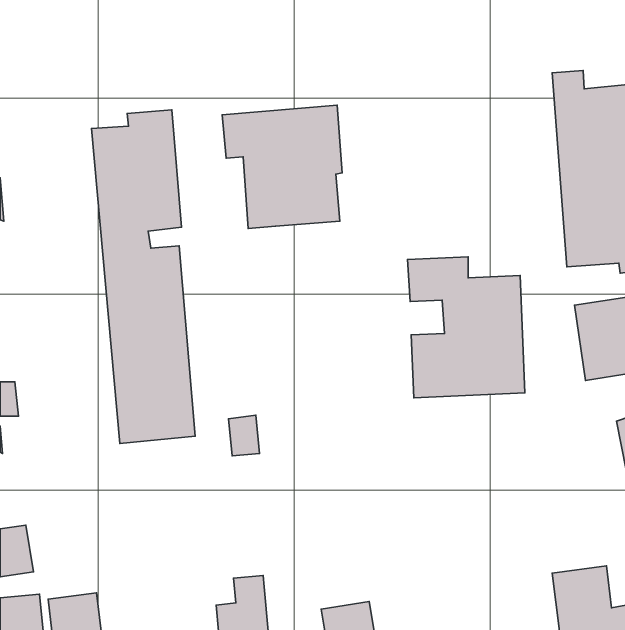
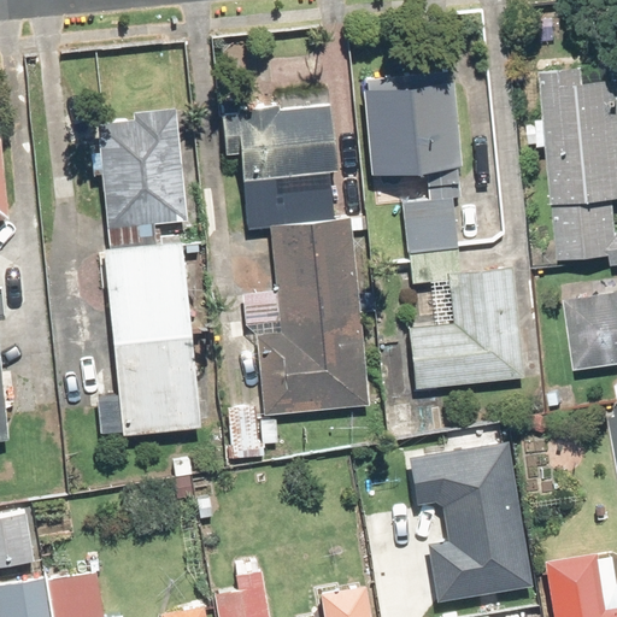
building: none -> [363,75,463,254]
building: none -> [246,217,365,413]
building: none -> [409,441,531,601]

